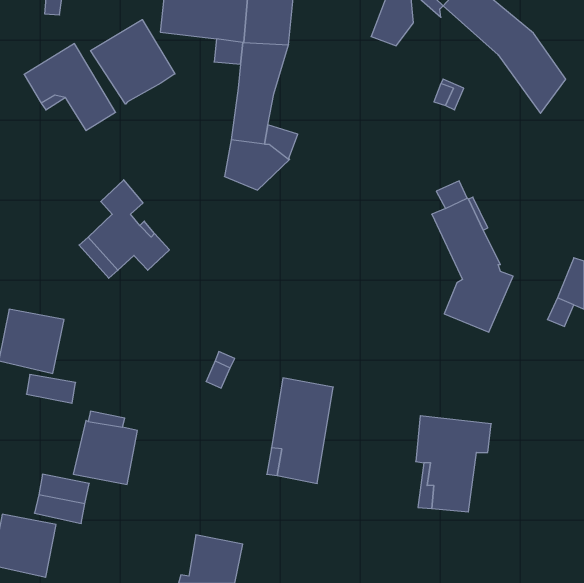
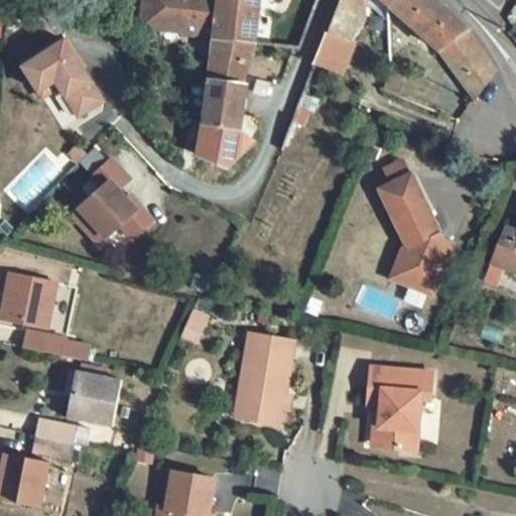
building: [91,20,175,104] -> none
building: none -> [315,32,352,71]

